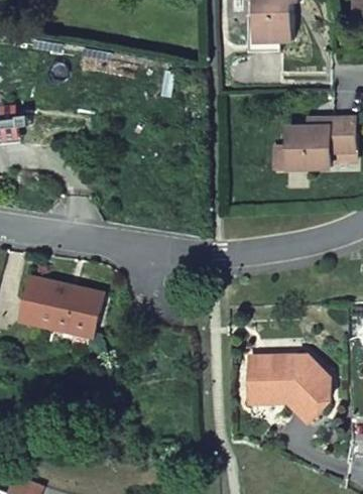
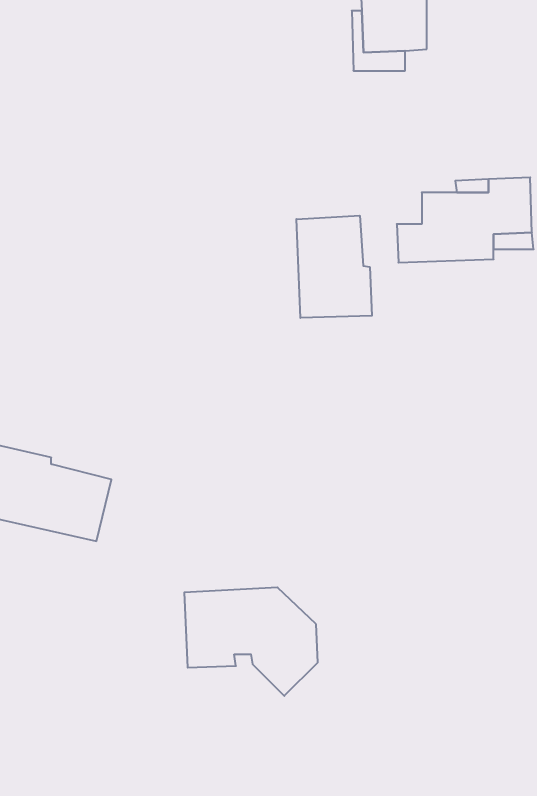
building: none -> [296,216,372,318]
building: [248,355,329,420] -> [184,587,318,696]

